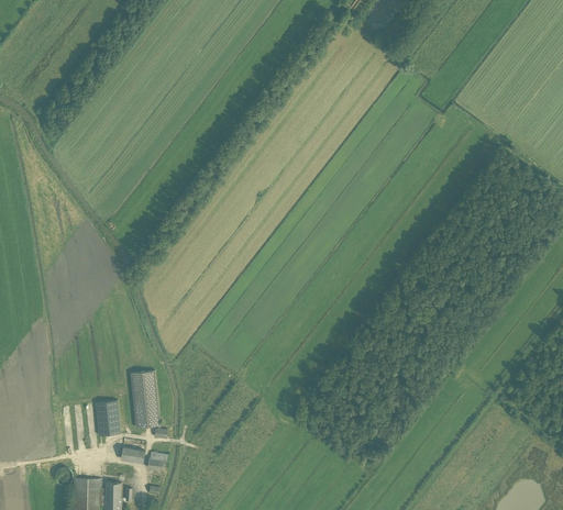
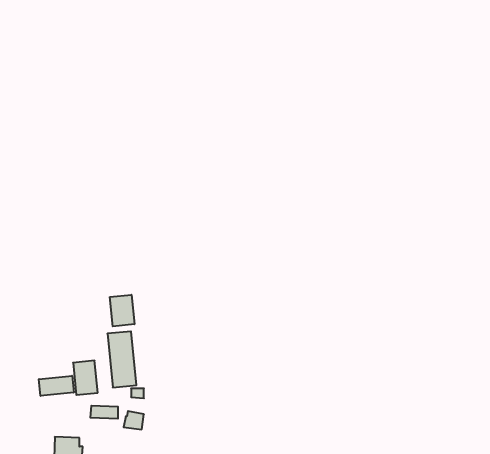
building: none -> [110,295,134,326]
building: none -> [39,376,74,396]

